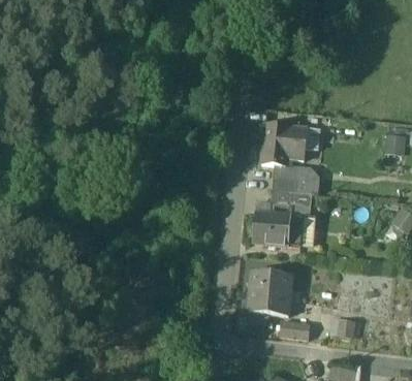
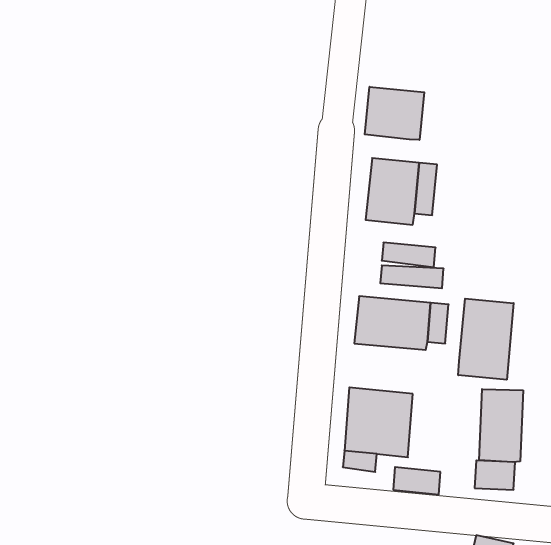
building: none -> [365,87,424,140]
building: none -> [458,299,514,380]
building: none -> [479,389,523,462]

